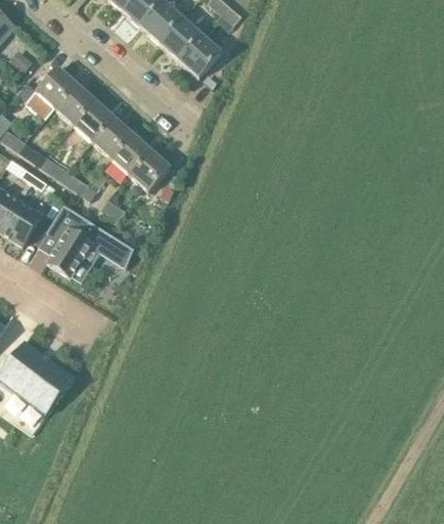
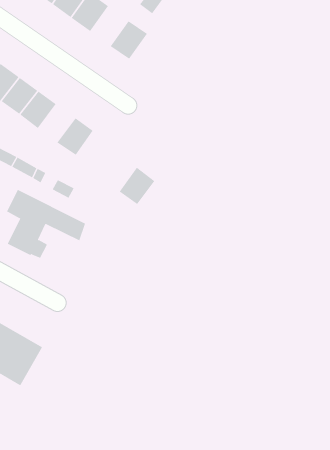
building: [159,18,201,61] -> none
building: [92,118,133,159] -> none
building: [130,150,170,191] -> [119,167,155,205]

